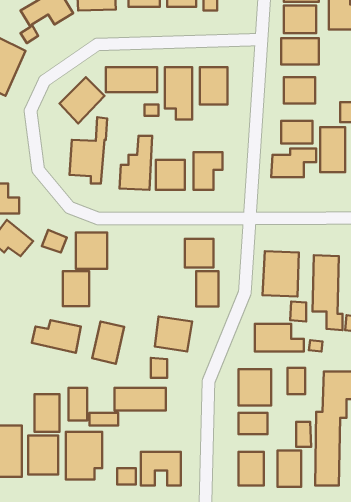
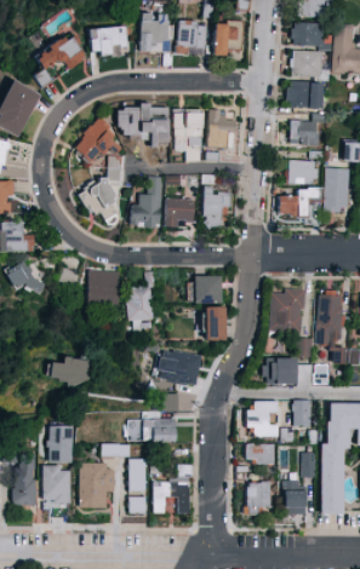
building: [63,271,89,306] -> [126,288,152,322]
building: [92,322,124,364] -> none
building: [68,388,87,420] -> [128,460,147,492]

